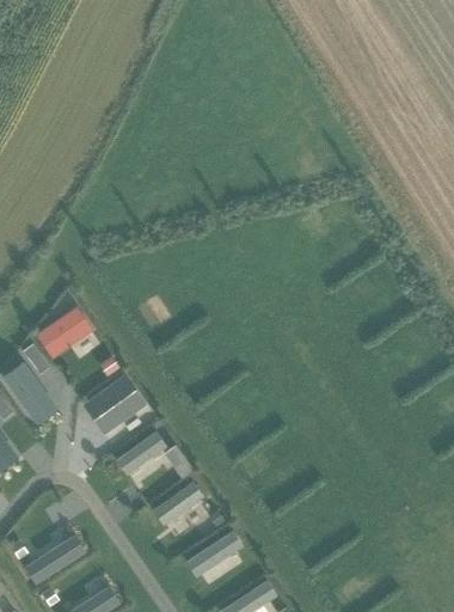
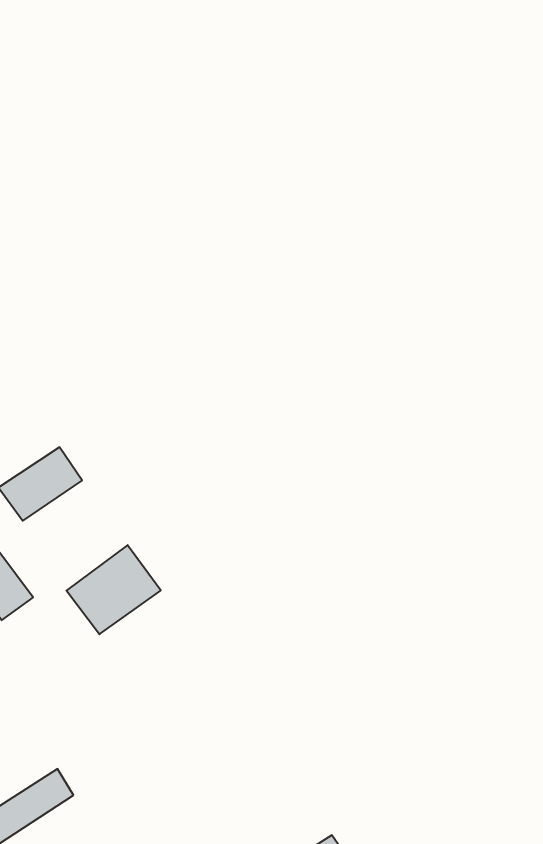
building: [117,428,167,472] -> none
building: [153,476,204,520] -> none
building: [188,528,245,575] -> none

